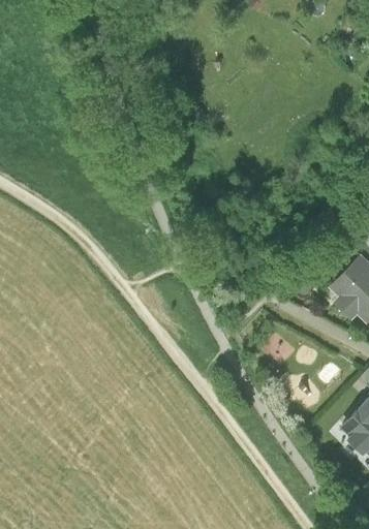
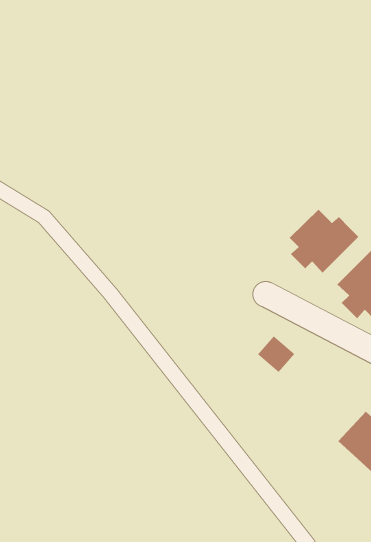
building: none -> [289,209,359,273]

